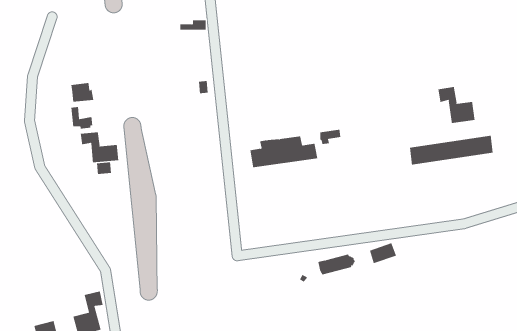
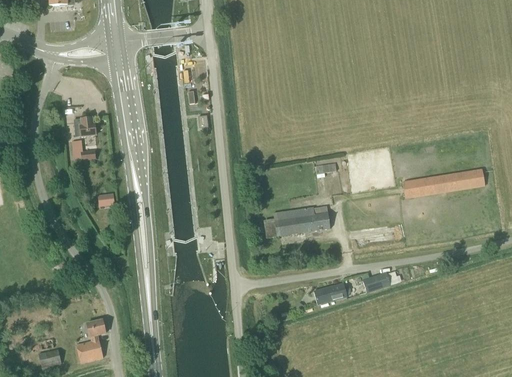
building: [438,86,475,124] -> none
building: [80,131,119,163] -> none
building: [249,136,318,168] -> [263,206,330,237]

